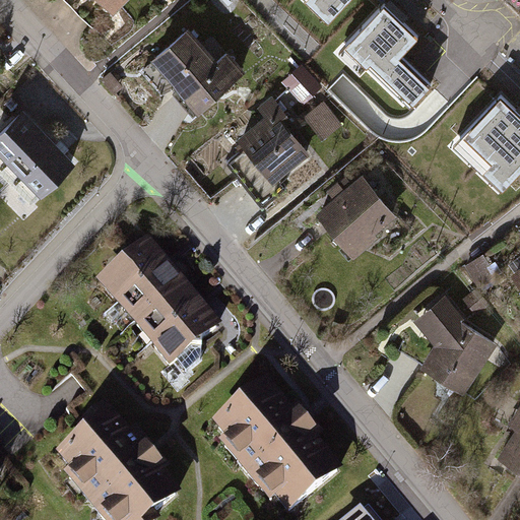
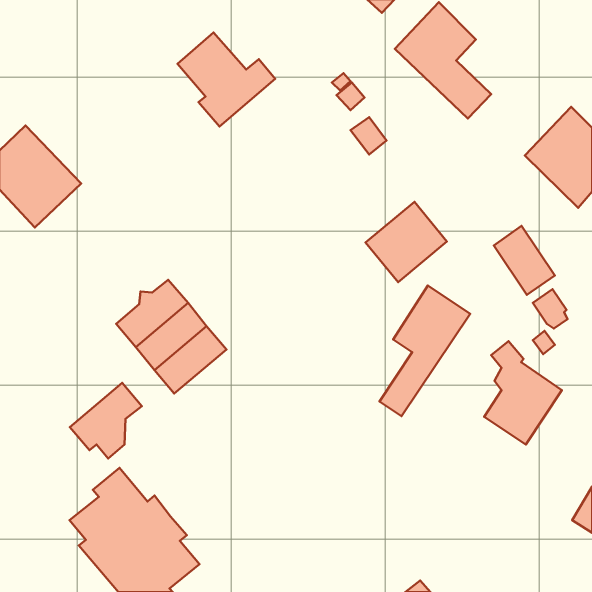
building: [224,98,305,206] -> none
building: none -> [494,226,555,295]
building: none -> [379,285,470,416]
building: [152,306,215,372] -> [70,383,142,458]
building: [217,386,336,510] -> none

